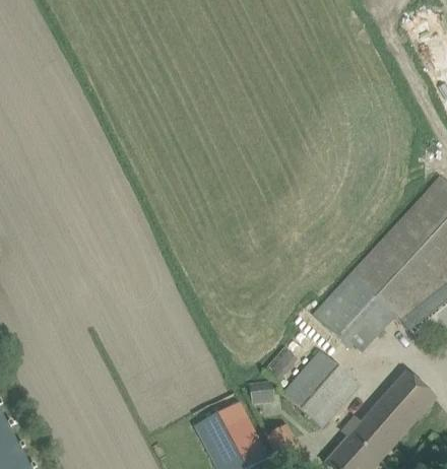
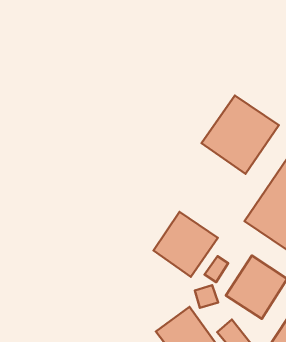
building: none -> [201,96,279,174]
building: none -> [154,212,218,277]

